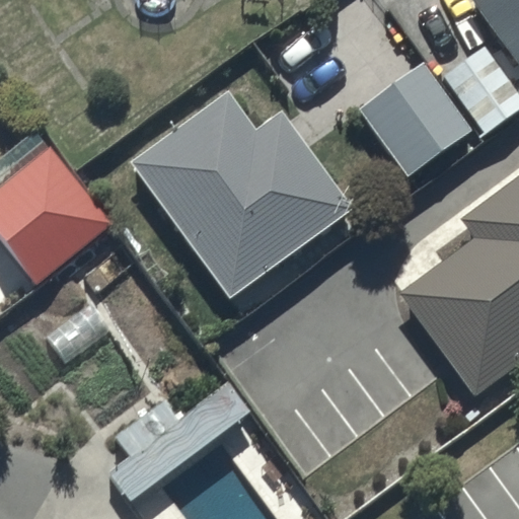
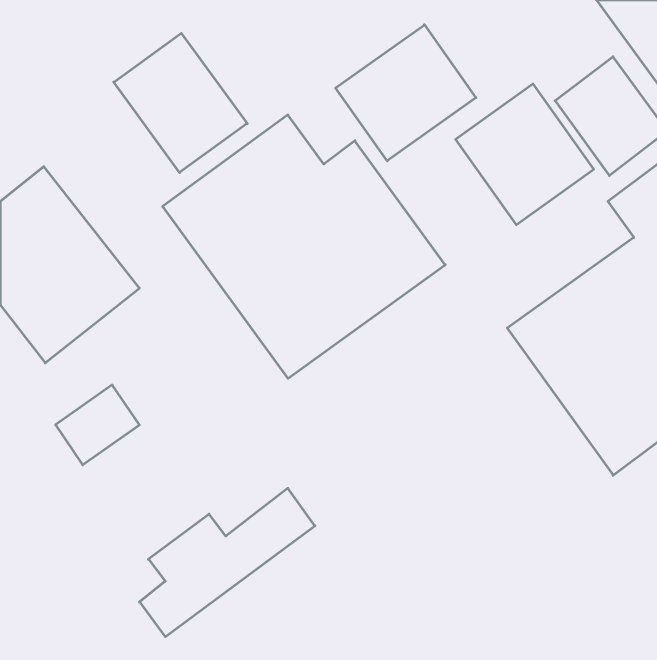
building: none -> [336,25,476,161]
building: none -> [114,33,247,173]

